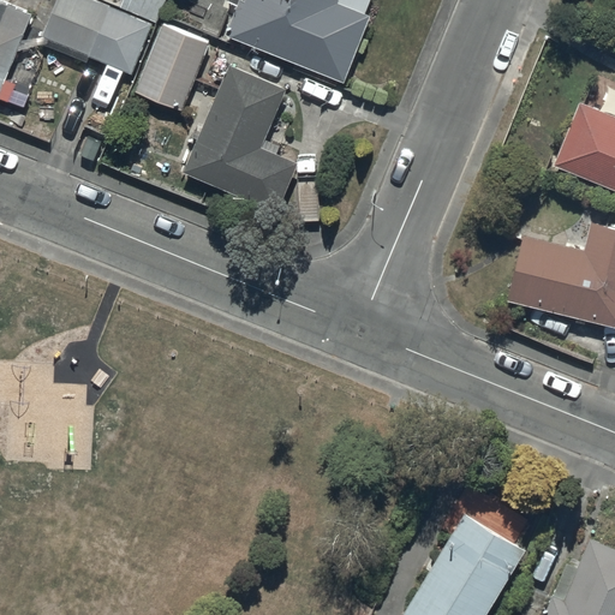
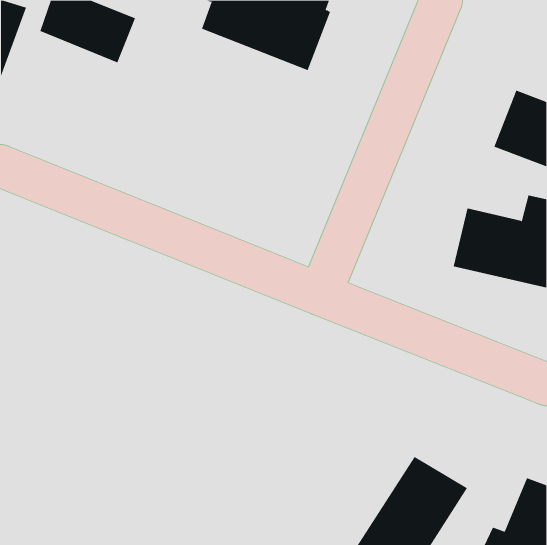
building: [135,24,209,111] -> none
building: [184,65,298,210] -> none

